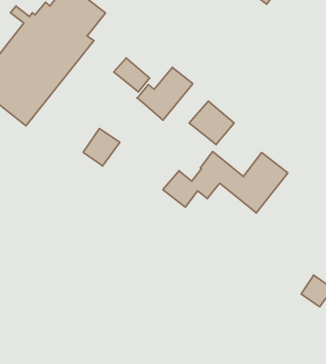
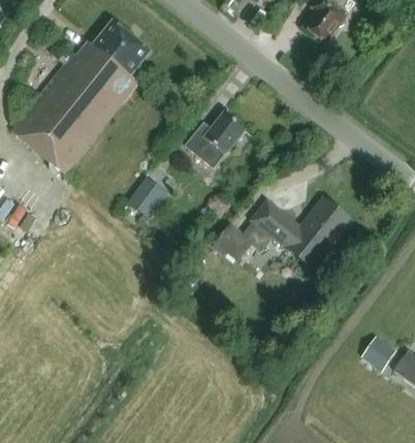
building: [114,58,150,92] -> none
building: [189,101,234,145] -> none

